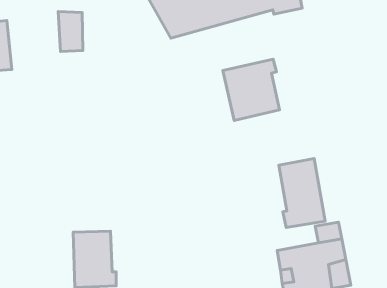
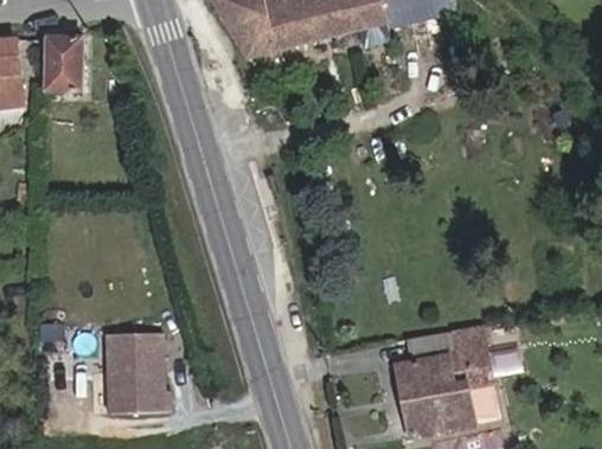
building: [58,12,83,51] -> [43,34,78,91]
building: [223,59,279,120] -> none
building: [279,158,325,228] -> none

